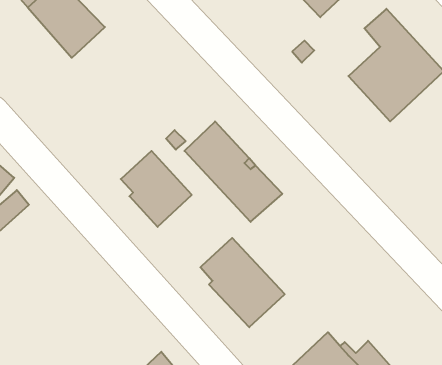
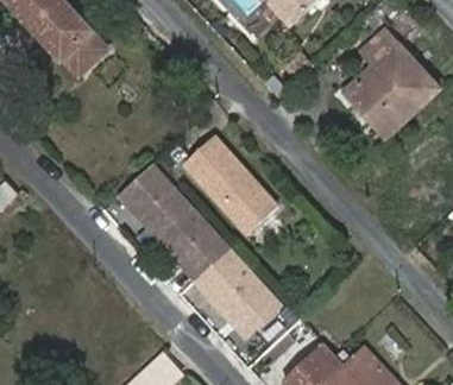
building: none -> [157,208,229,277]

